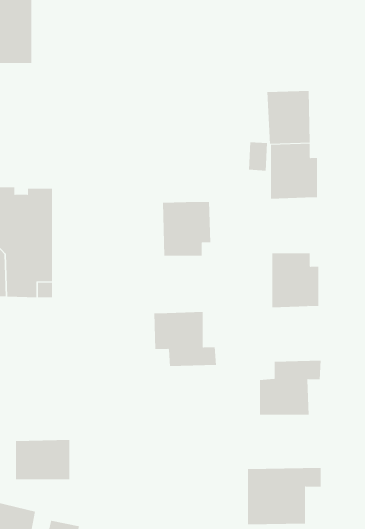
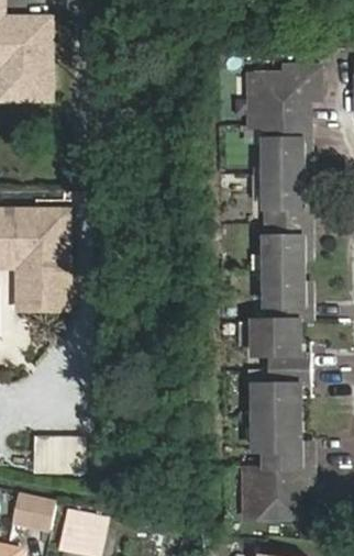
building: none -> [239,65,317,124]
building: [162,201,211,256] -> [264,221,308,270]
building: [153,312,217,366] -> [253,319,310,368]
building: none -> [254,416,310,464]

